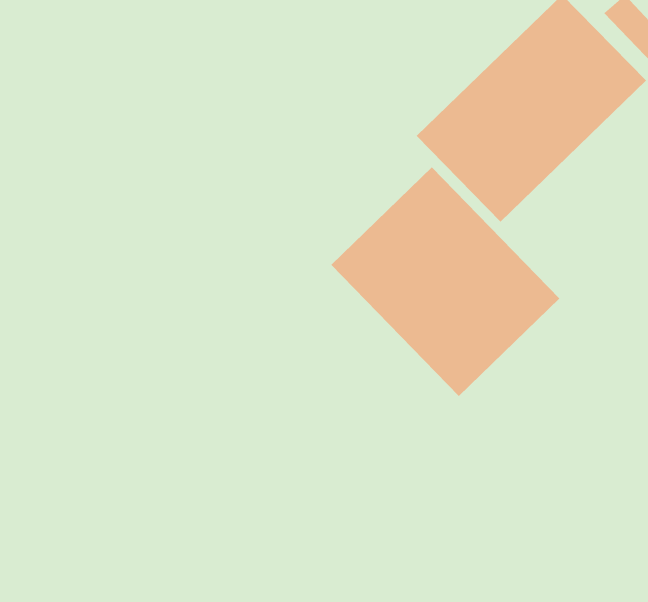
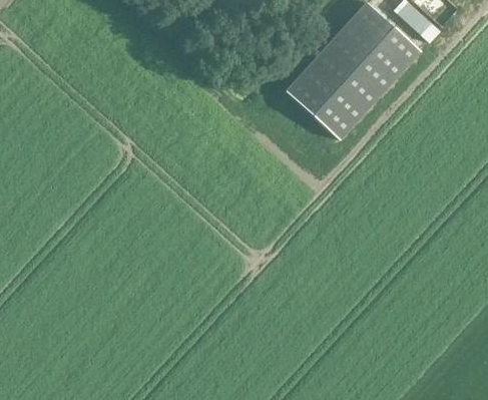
building: [330,166,560,397] -> none

